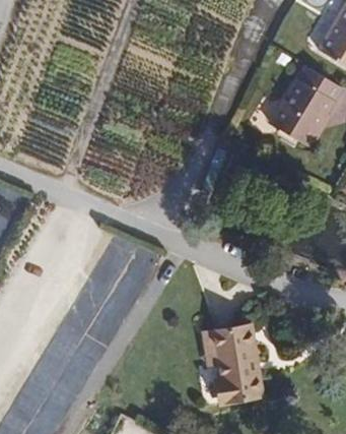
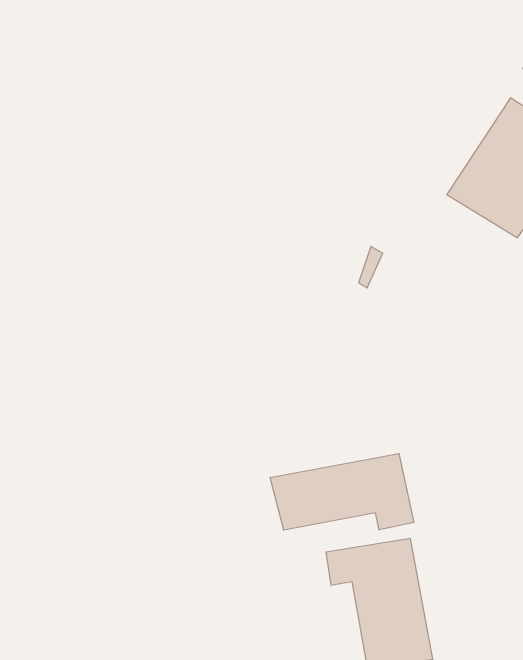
building: none -> [270,453,414,530]

